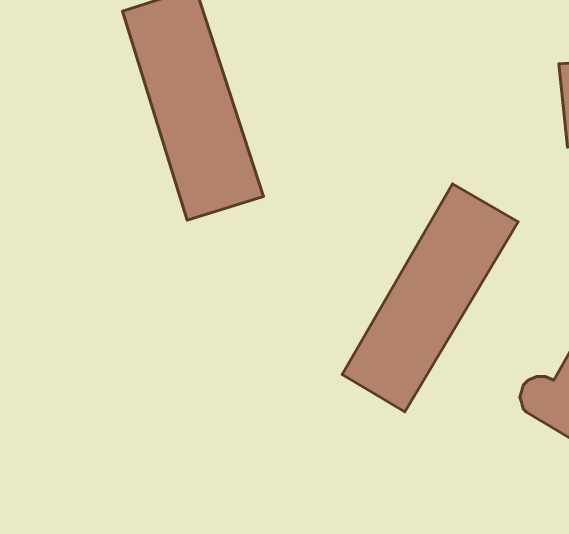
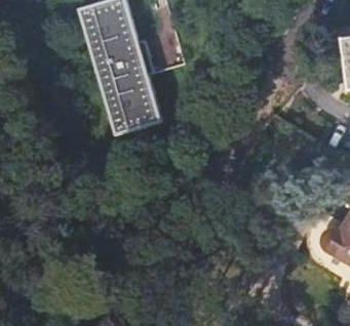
building: [342,184,518,412] -> none

